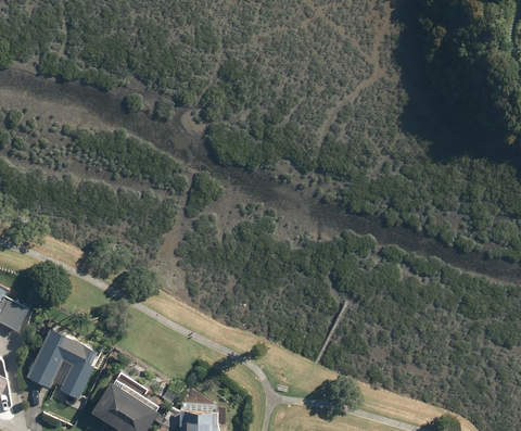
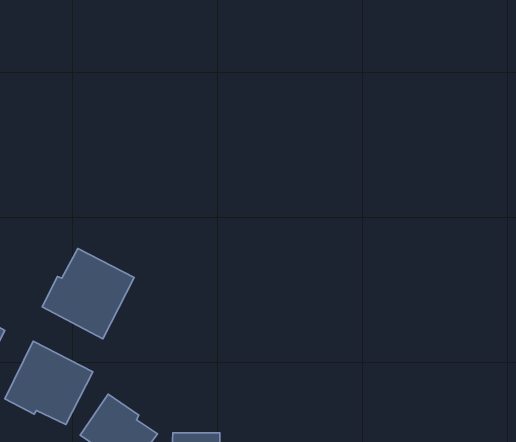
building: none -> [42,249,134,339]

